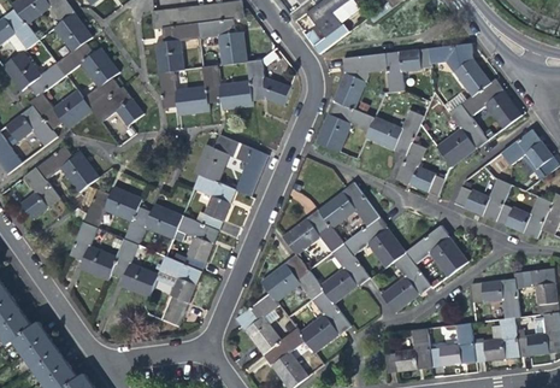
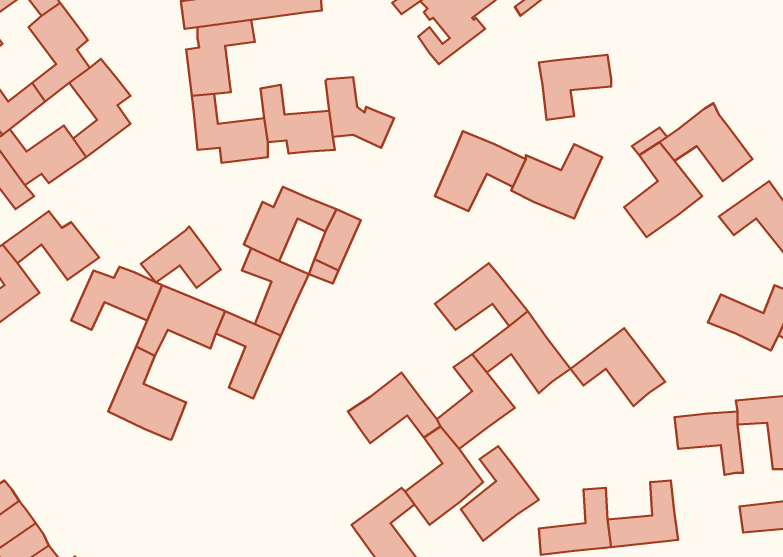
building: [198,19,247,66] -> none
building: [429,42,491,95] -> none
building: [335,52,387,105] -> none
building: [90,89,142,129] -> [141,227,221,288]
building: [396,142,446,194] -> none
building: [453,177,511,221] -> none
building: [282,208,341,252] -> none
building: [67,219,114,278] -> none
building: [381,251,431,312] -> [461,446,539,541]
building: [158,254,199,311] -> none
building: [236,290,281,352] -> none
building: [472,318,517,361] -> none

